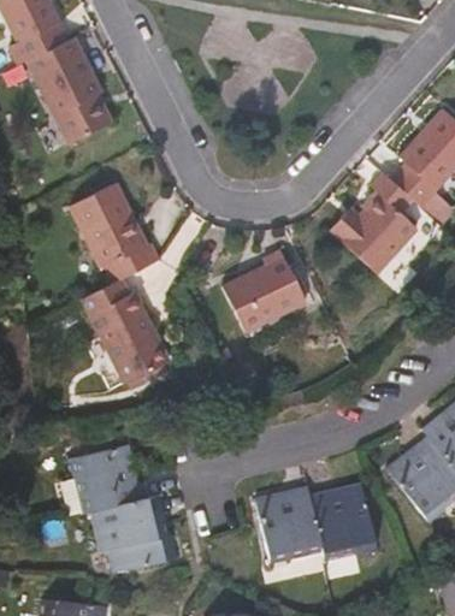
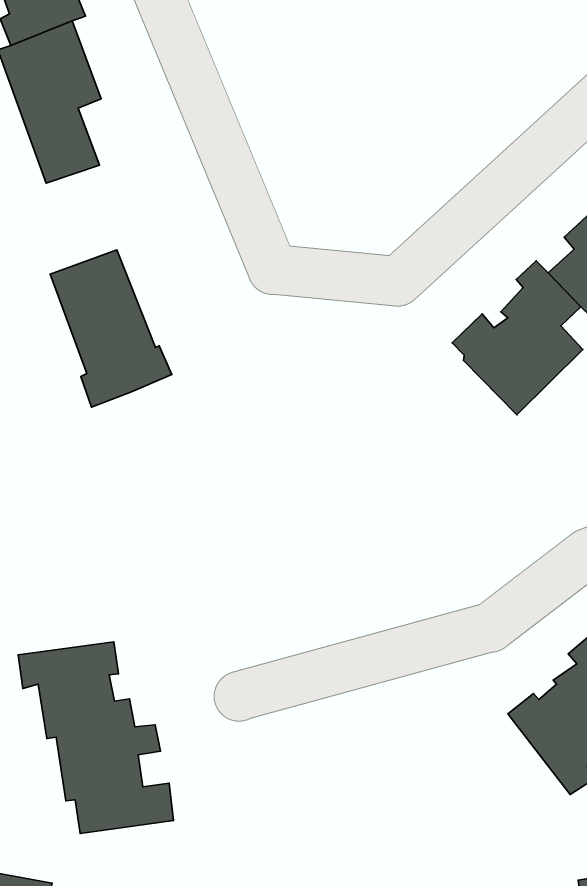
building: [221,254,307,336] -> none
building: [83,280,172,390] -> none
building: [259,482,378,565] -> none

